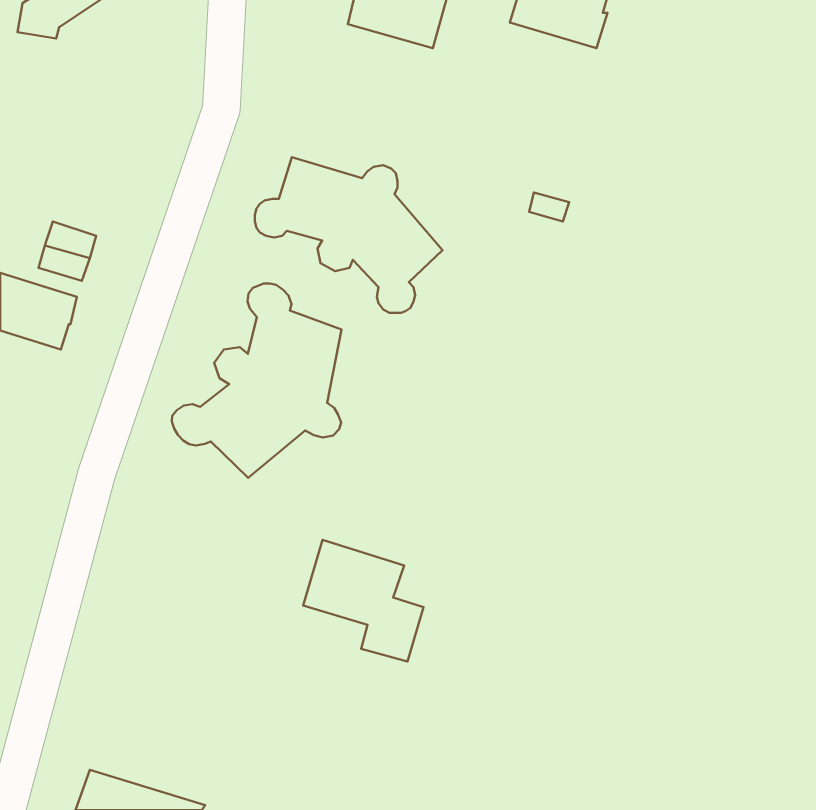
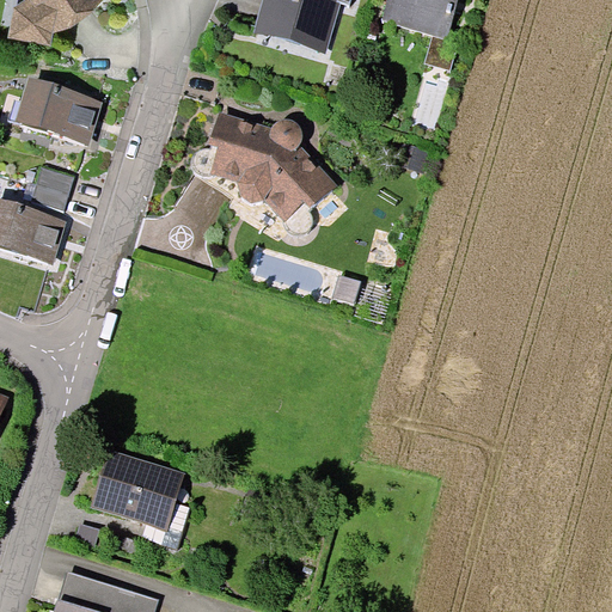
building: none -> [20,82,97,142]
building: [172,283,342,478] -> none
building: [303,540,424,662] -> [99,455,189,546]

